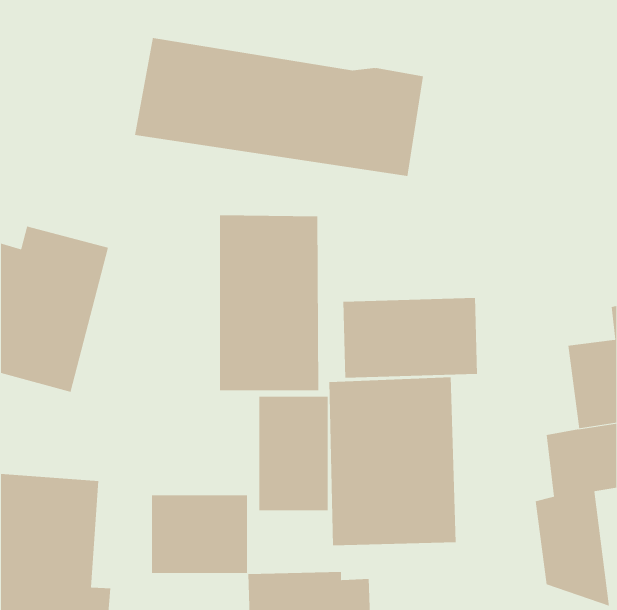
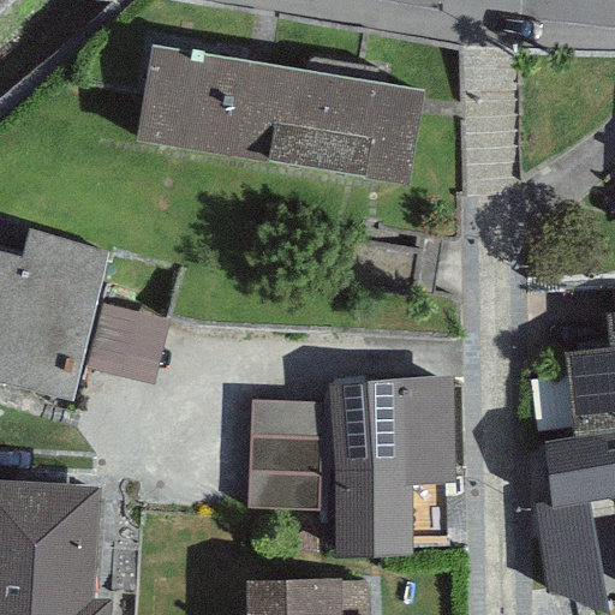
building: [219,215,319,391] -> none
building: [343,297,478,378] -> none
building: [152,494,248,574] -> none

